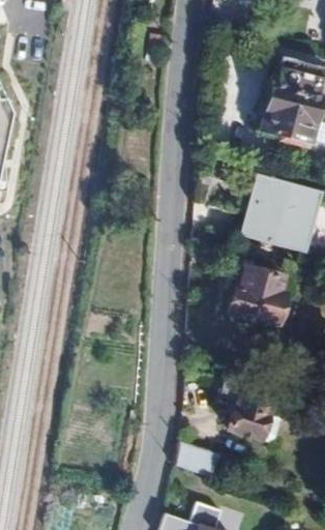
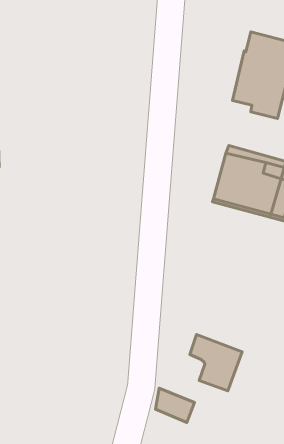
building: [231,264,301,325] -> none

